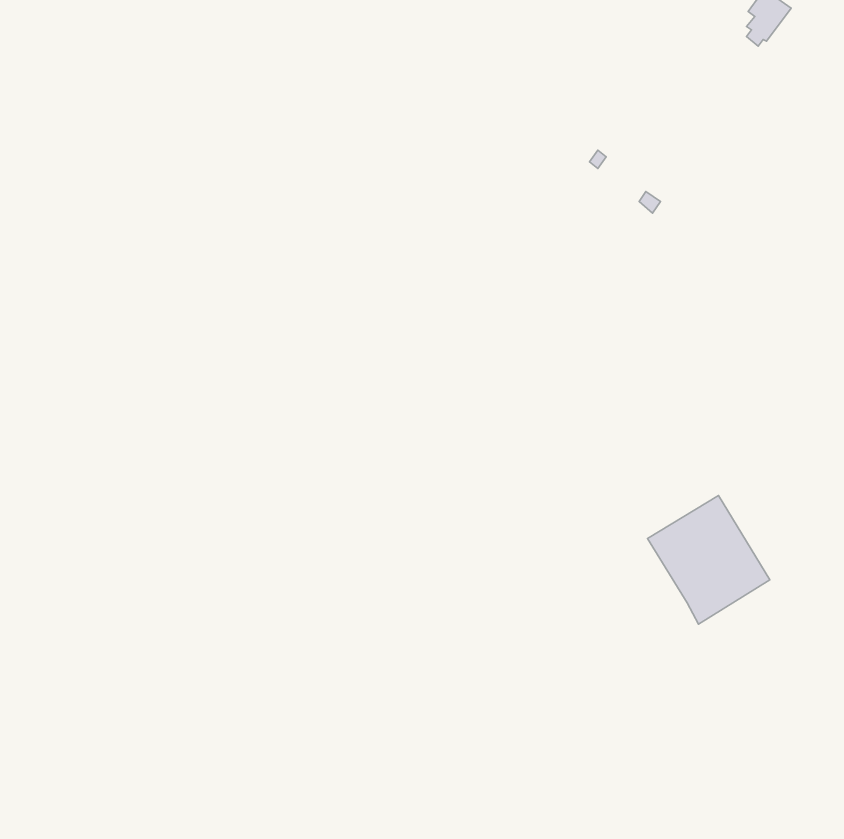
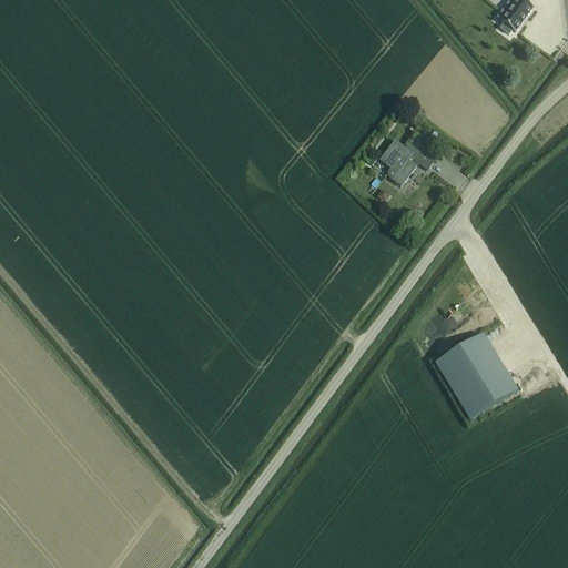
building: none -> [379,139,436,184]

